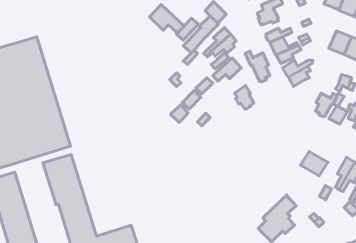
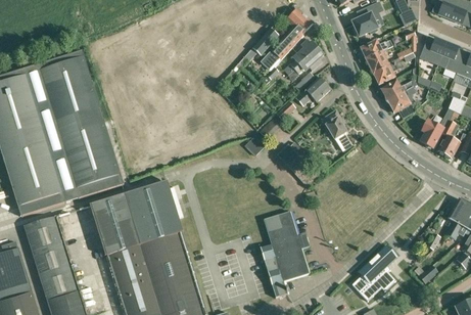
building: [149,4,184,33] -> none
building: none -> [419,36,446,65]
building: [245,51,270,82] -> none
building: none -> [125,181,197,294]
building: [300,151,328,176] -> none
building: none -> [261,212,310,298]

